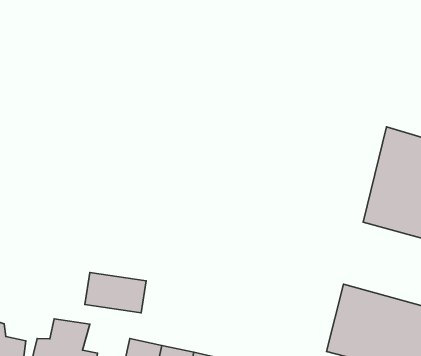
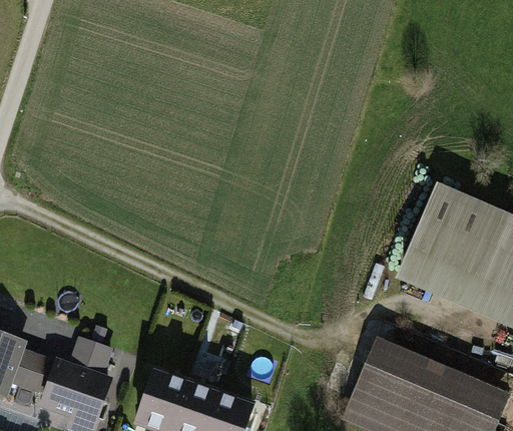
building: [85,273,146,313] -> none

